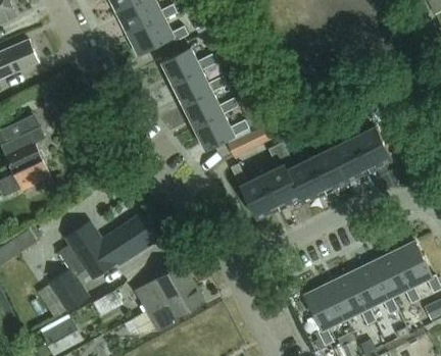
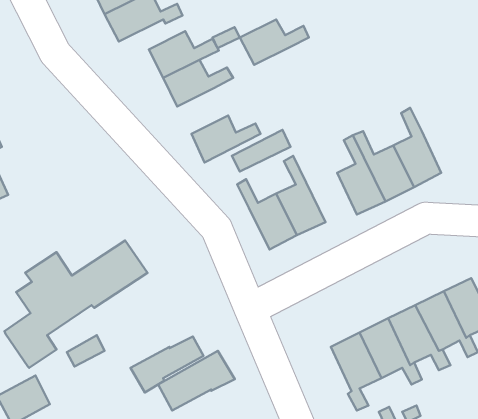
building: [183,93,237,129] -> [240,19,309,65]
building: [274,143,324,203] -> none
building: [135,265,195,312] -> [158,351,235,410]

